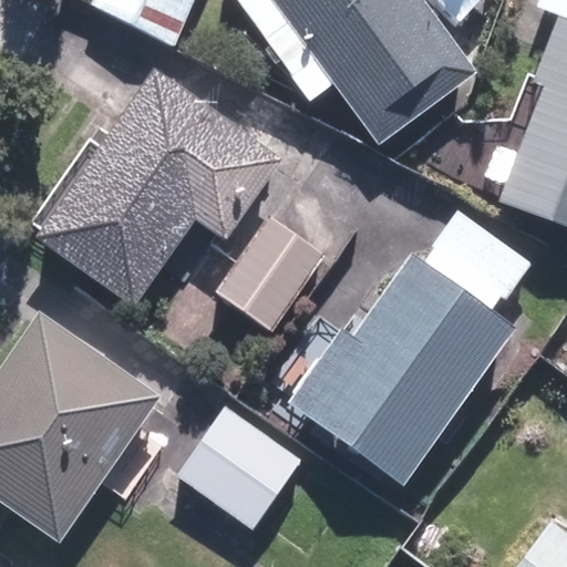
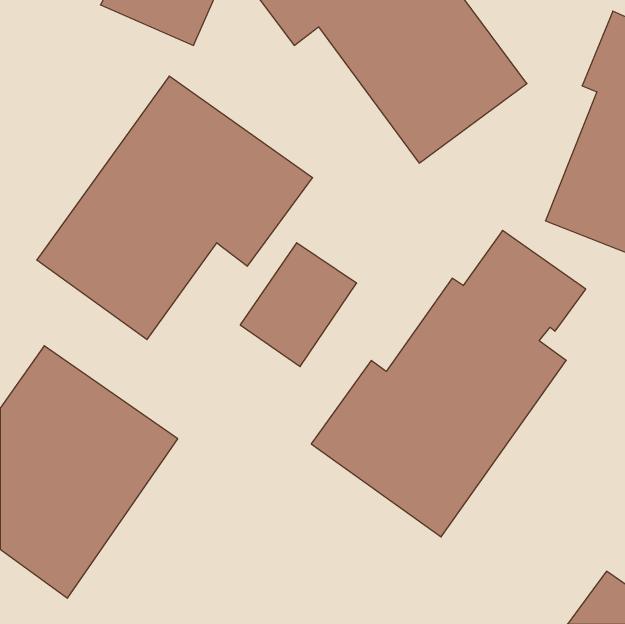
building: [178,406,303,530] -> none

